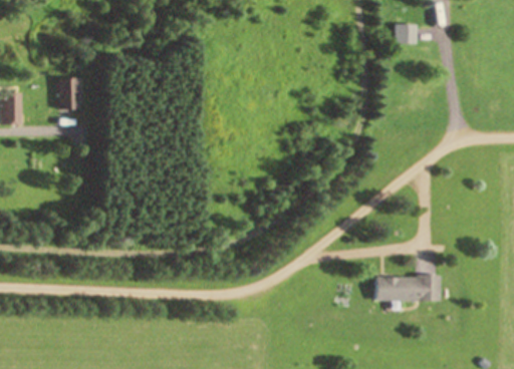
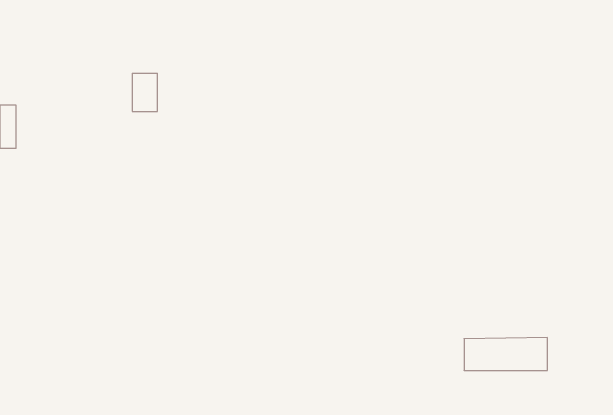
building: [396,23,417,43] -> none
building: [57,78,77,108] -> [132,73,157,111]

